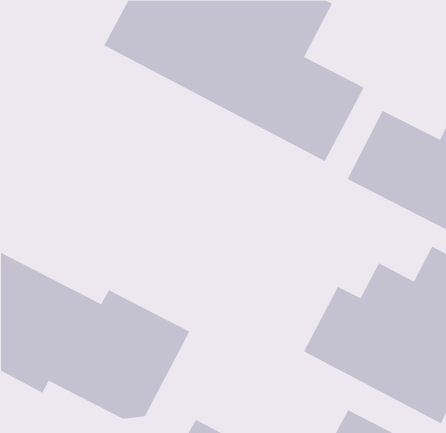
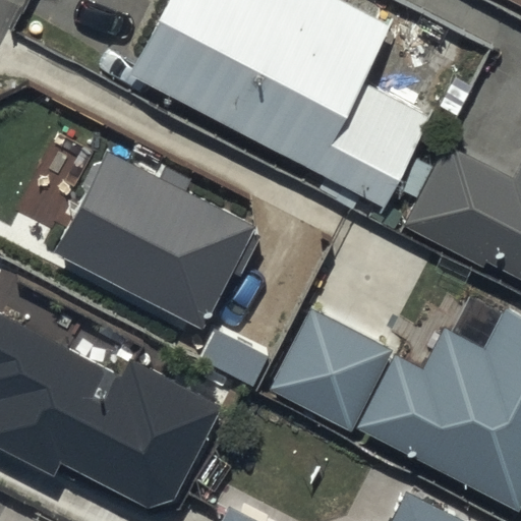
building: none -> [51,148,252,327]
building: none -> [269,307,391,429]

